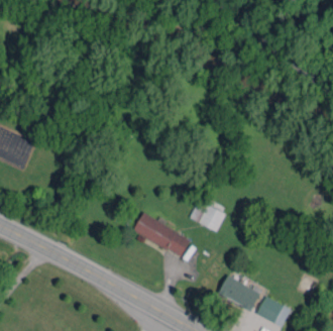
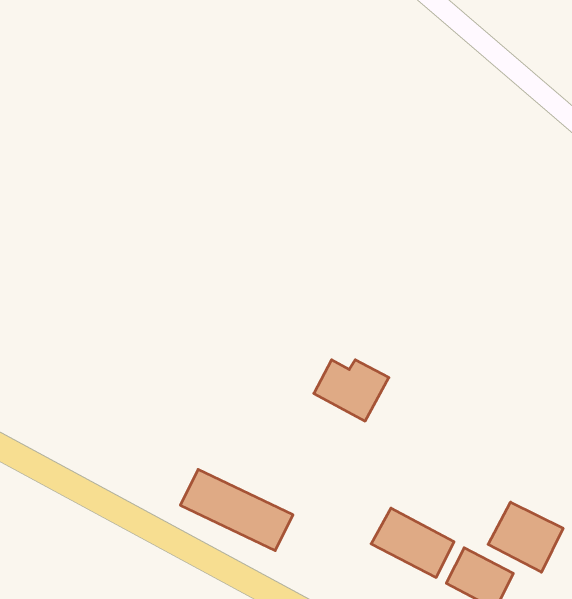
building: [133,214,191,255] -> [180,469,293,551]
building: none -> [488,502,563,572]

